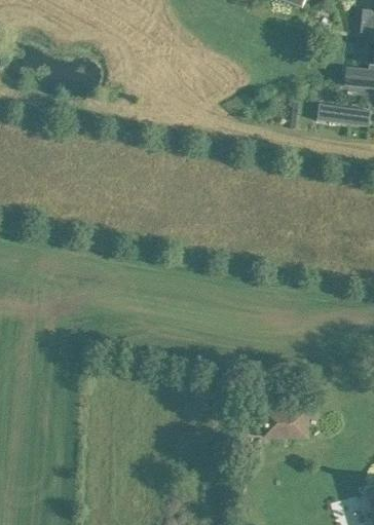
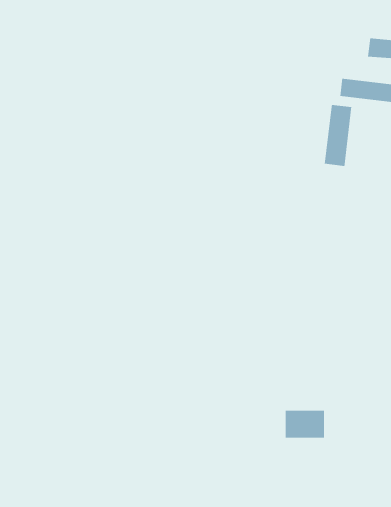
building: none -> [324,104,352,167]

